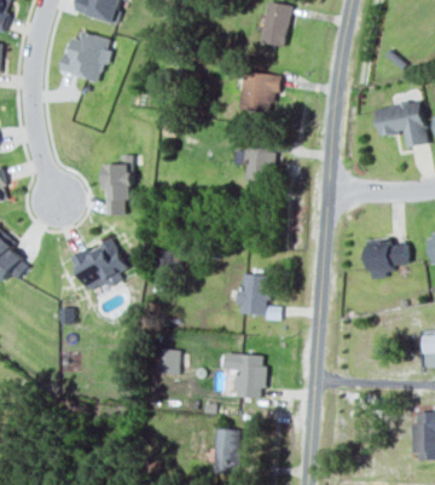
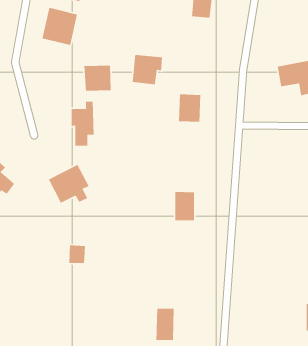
building: [238,70,279,111] -> [132,54,163,85]
building: none -> [84,65,111,91]
building: [365,237,407,277] -> none
building: [155,348,178,374] -> [68,245,86,264]
building: [222,353,263,397] -> none

